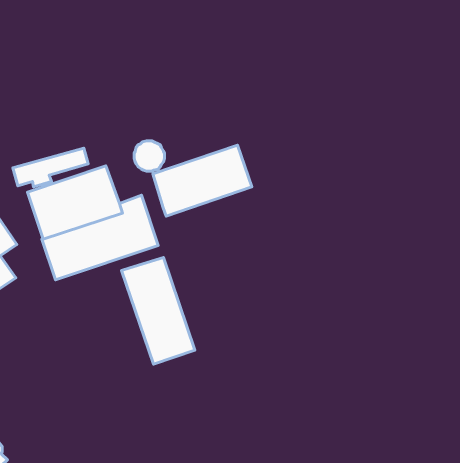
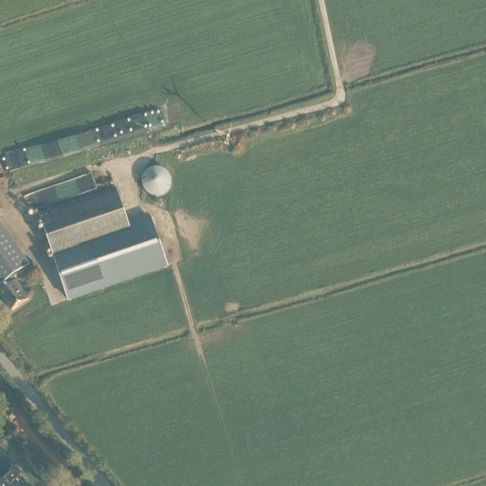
building: [153,145,252,216] -> none
building: [122,258,195,364] -> none

